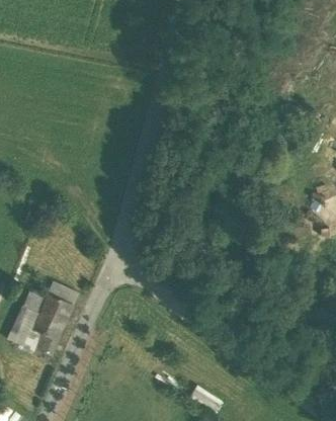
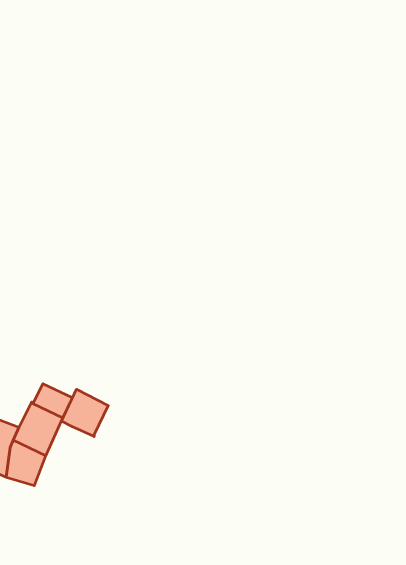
building: none -> [61,389,108,437]

